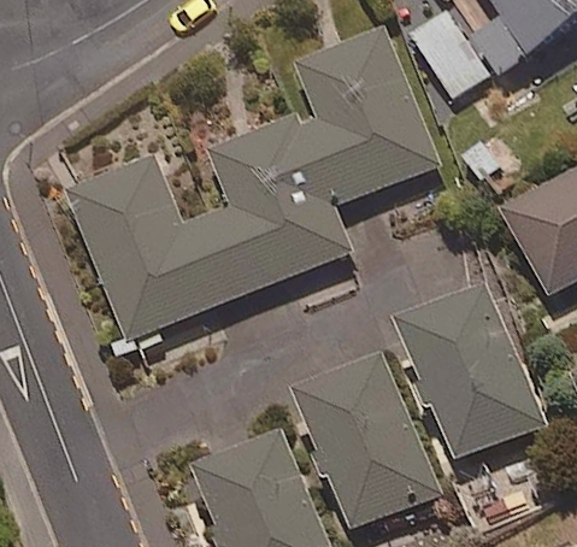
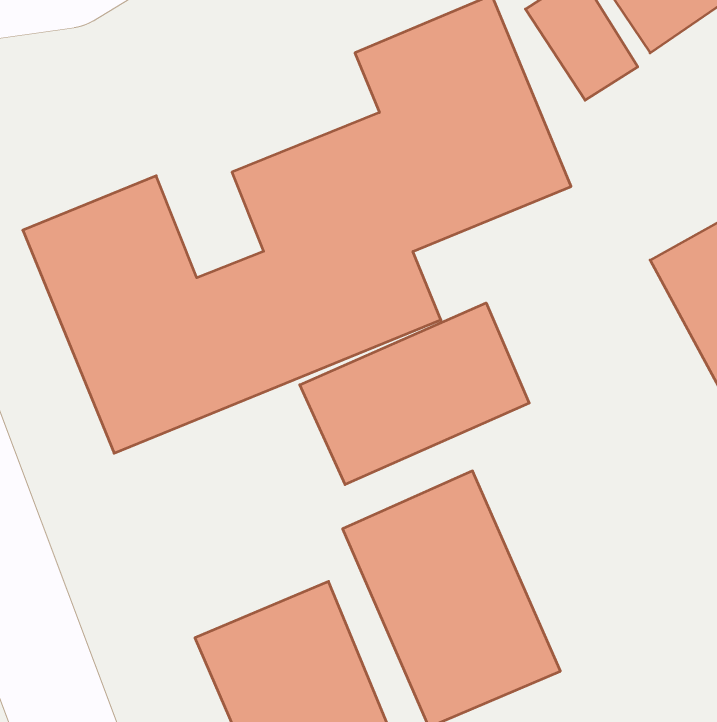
building: none -> [300,303,529,485]
building: [395,283,540,458] -> none

